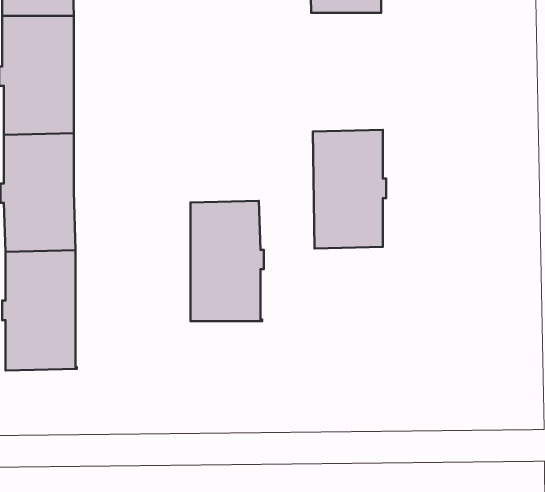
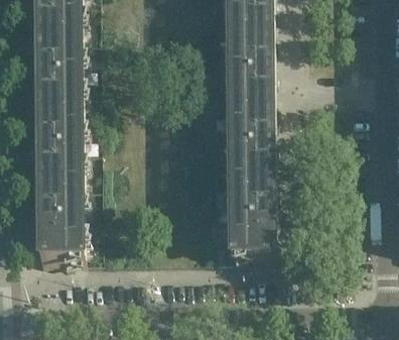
building: none -> [227,36,273,110]
building: [191,201,264,321] -> [229,182,274,256]

